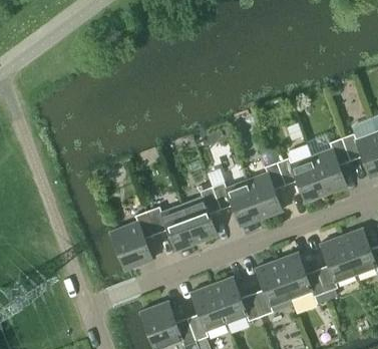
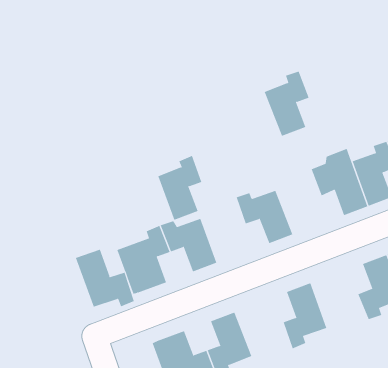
building: [247,162,286,219] -> [264,71,310,136]
building: [182,187,221,243] -> [158,155,202,221]
building: none -> [75,249,135,307]
building: [277,252,326,299] -> none
building: [212,277,261,323] -> none

